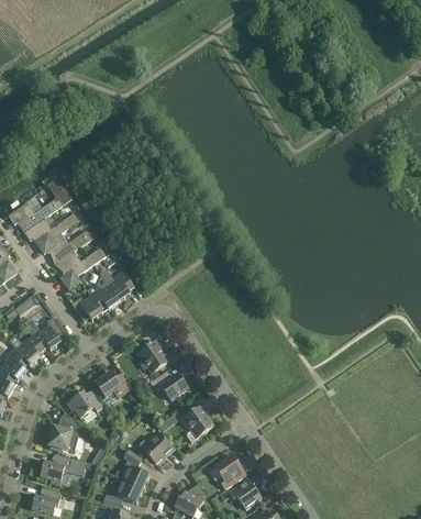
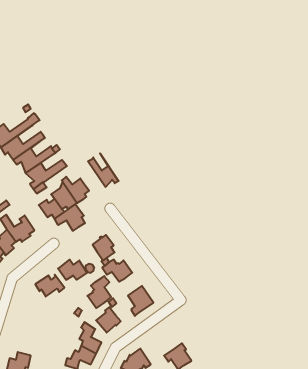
building: none -> [88,153,119,187]
building: none -> [55,204,85,231]
building: none -> [87,276,111,308]
building: [47,412,78,452] -> none
building: [38,453,76,484] -> none
building: [214,455,244,488] -> none

